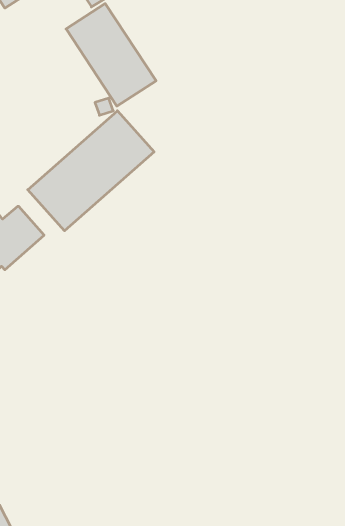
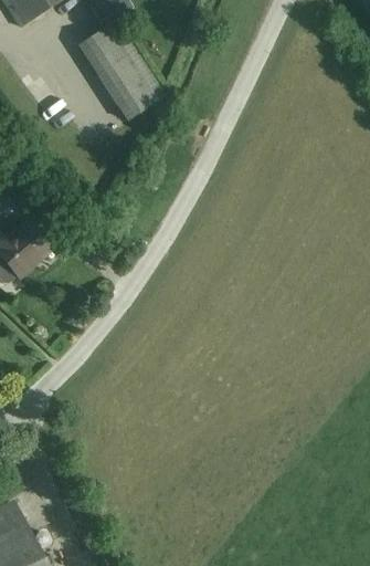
building: [28,111,154,231] -> none

